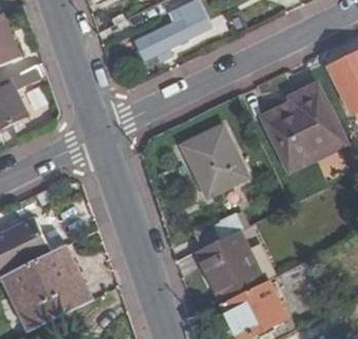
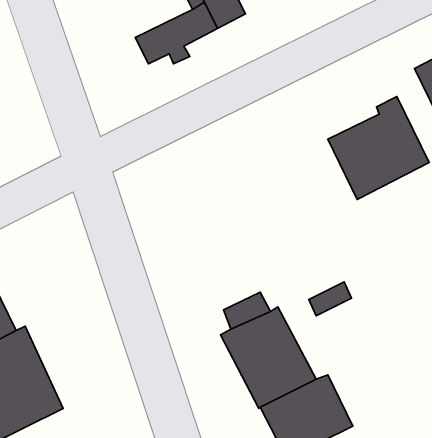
building: [184,124,246,194] -> none

